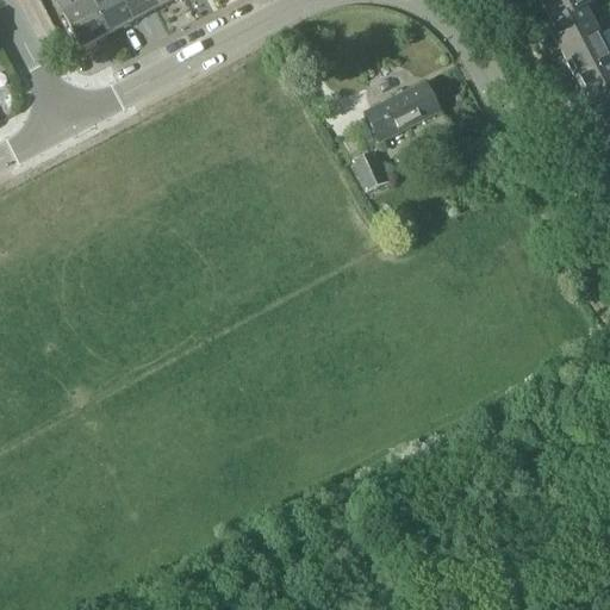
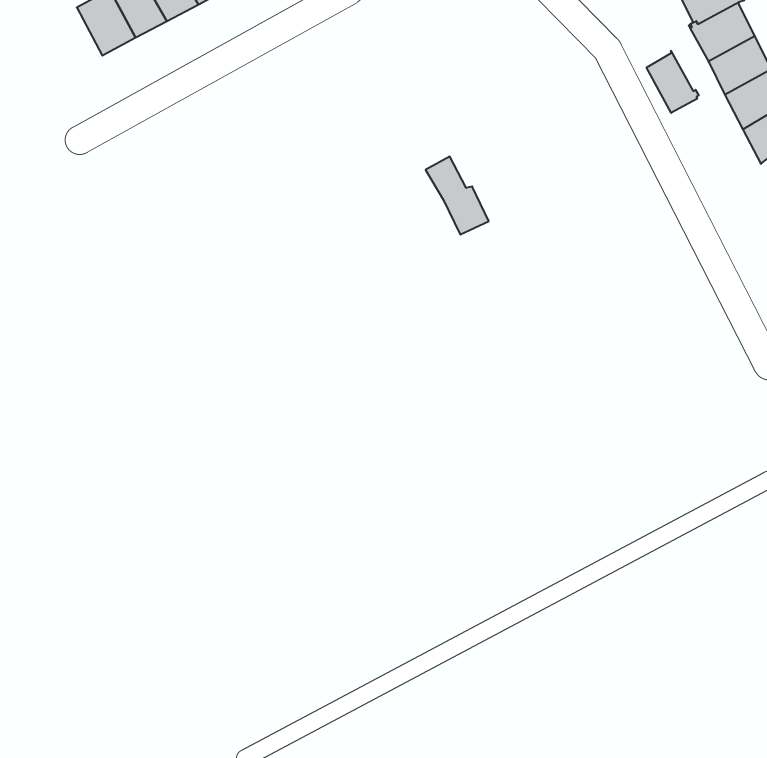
building: none -> [647,51,699,113]
building: [363,77,438,138] -> none

